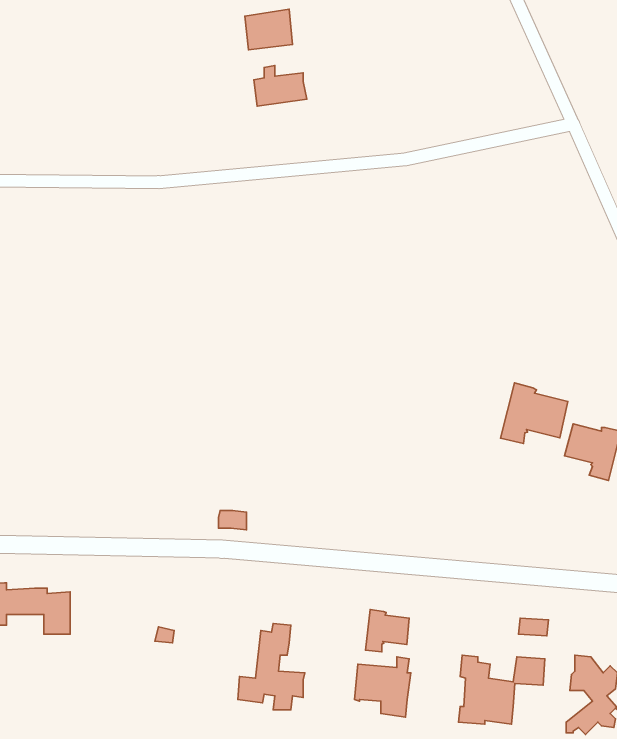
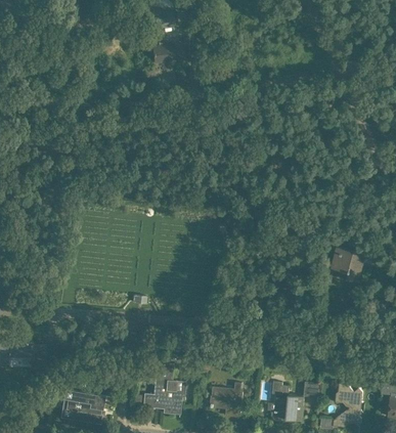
building: [501,383,568,443] -> none
building: [365,610,409,652] -> none
building: none -> [60,390,105,425]

